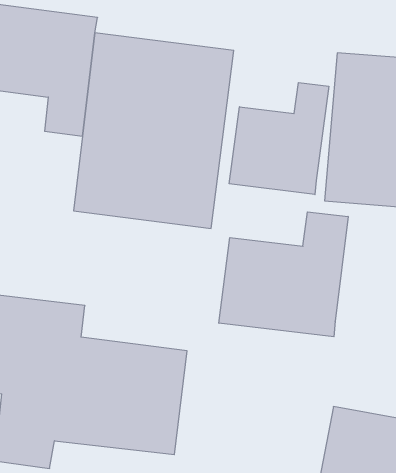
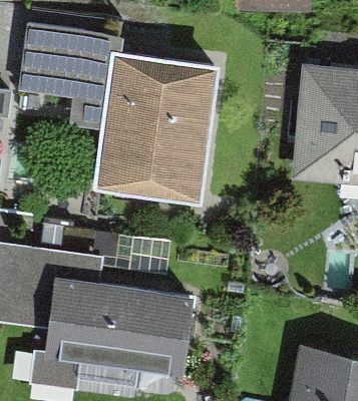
building: [229,83,329,195] -> none
building: [219,212,348,337] -> none

